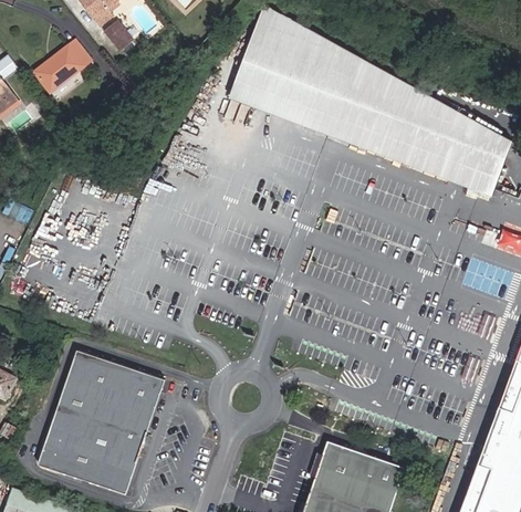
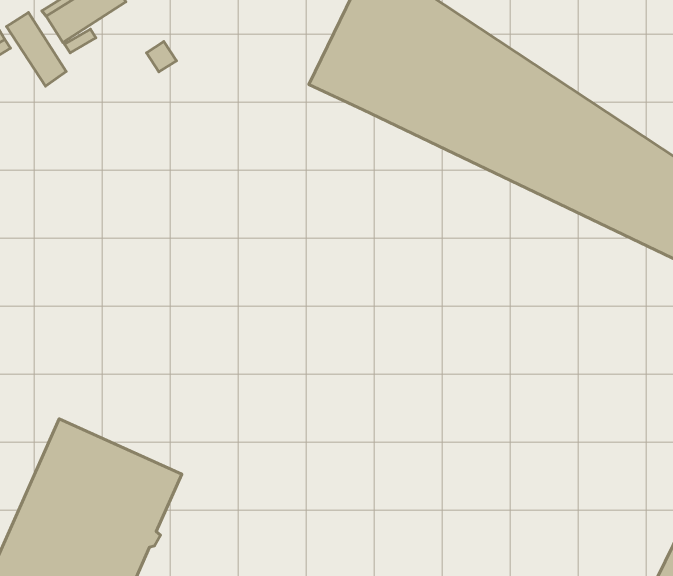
building: none -> [7,13,66,86]

